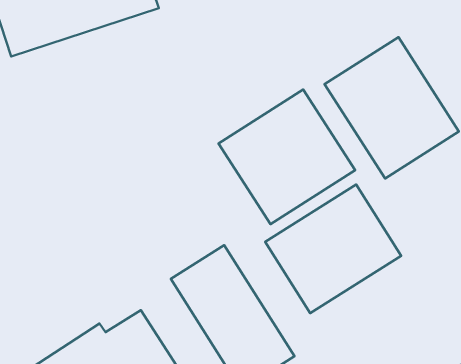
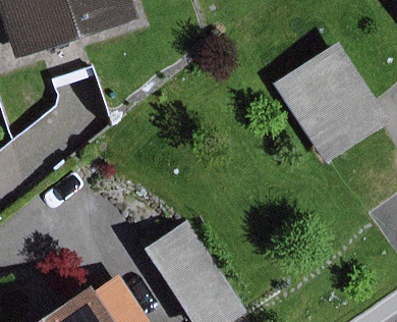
building: [219,89,355,224] -> none
building: [265,185,401,313] -> none

